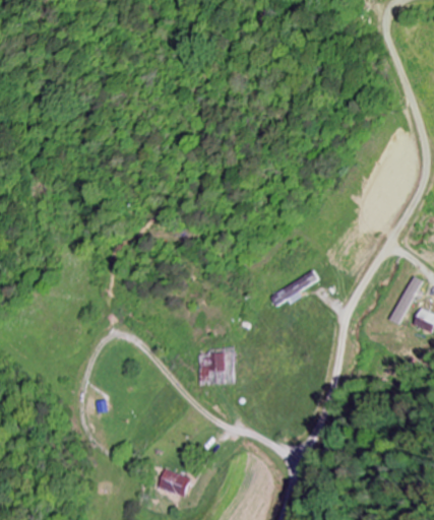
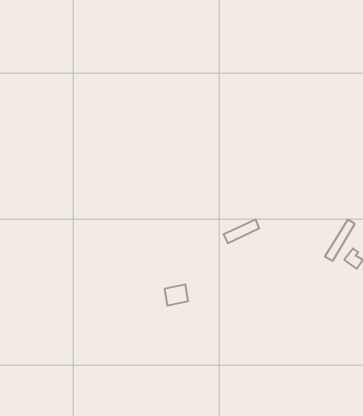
building: [159,468,194,498] -> none

